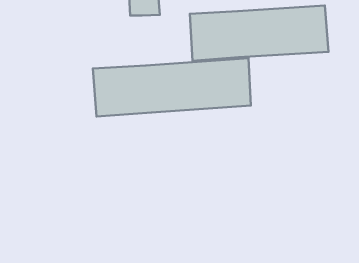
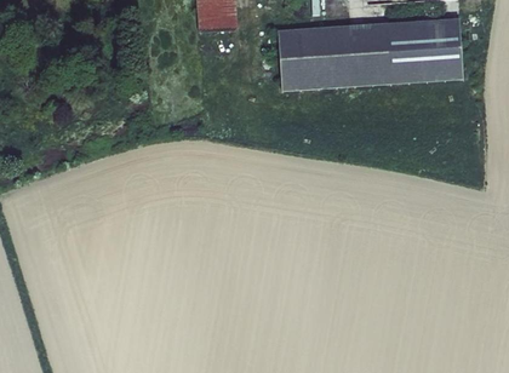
building: [93,58,251,117] -> none

